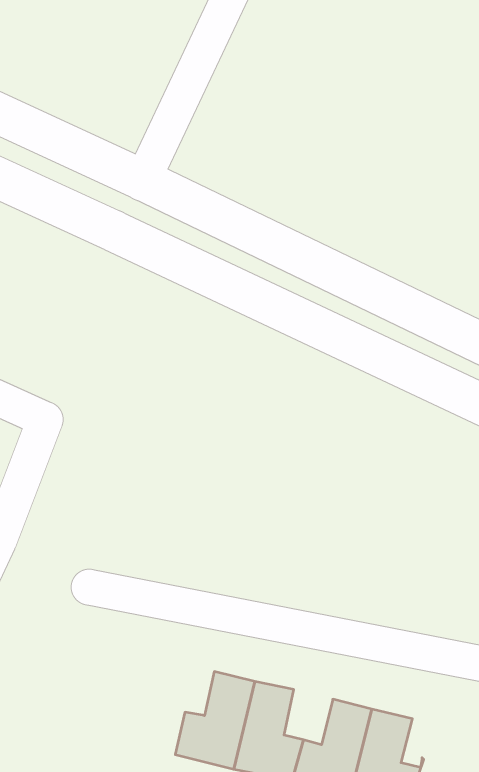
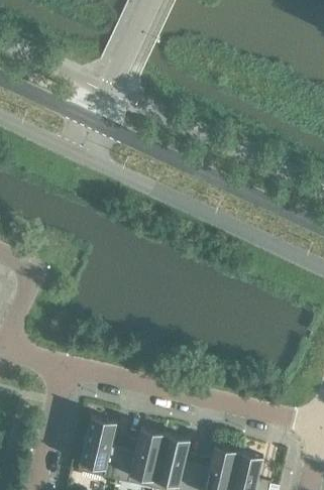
building: none -> [79,414,123,478]

